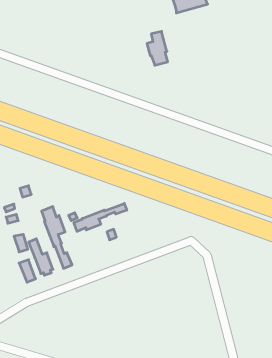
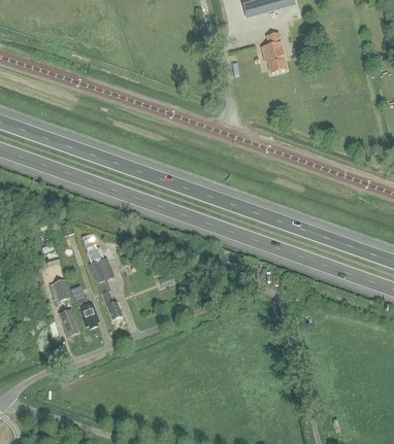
building: [147,31,168,65] -> [261,32,286,72]
building: [74,203,127,231] -> none

